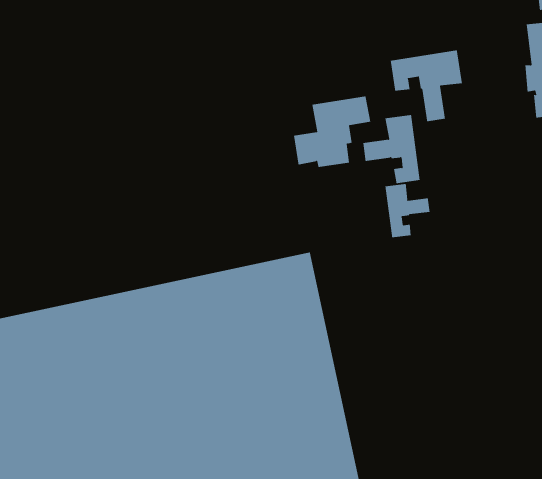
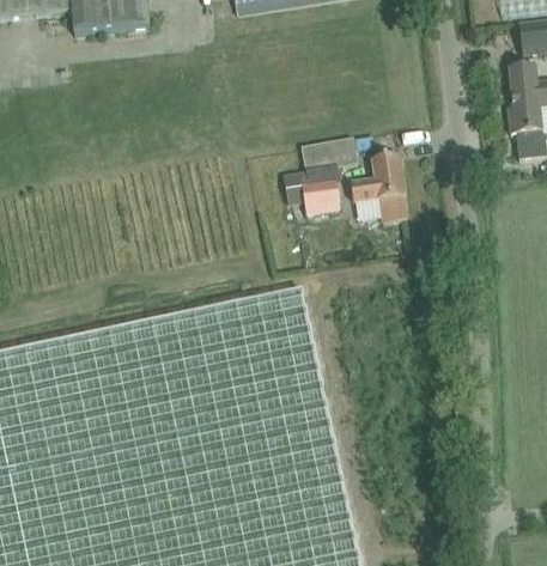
building: [390,49,462,122] -> none
building: [385,183,430,238] -> none

